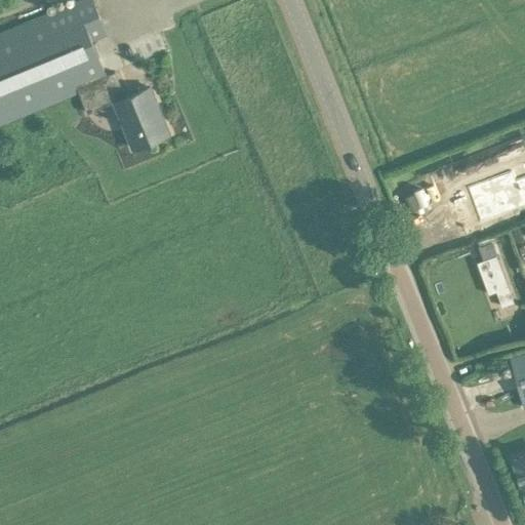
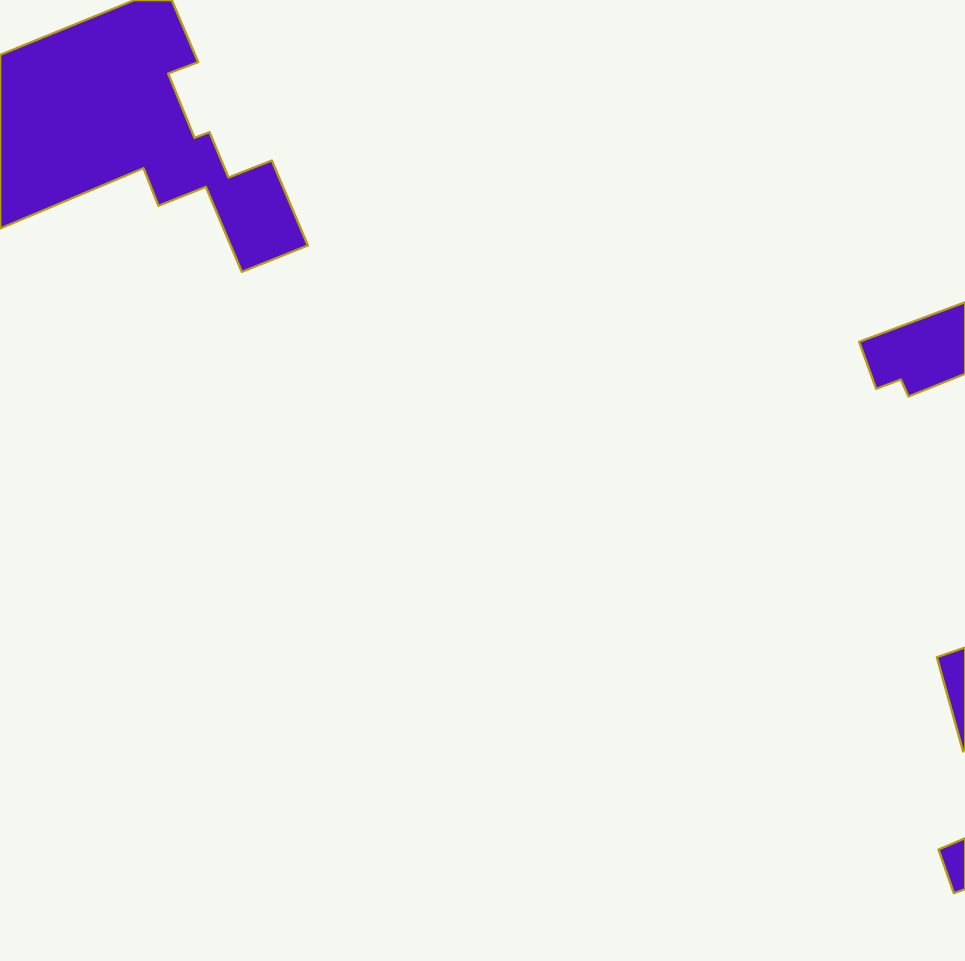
building: [478,256,515,309] -> none

